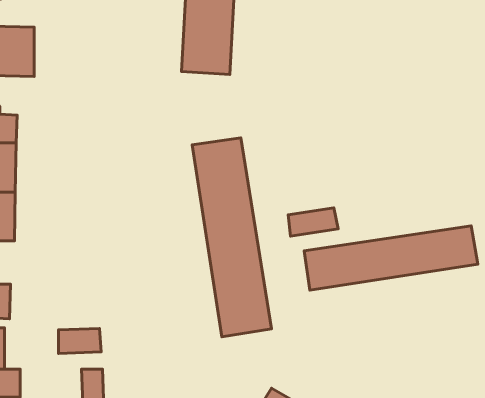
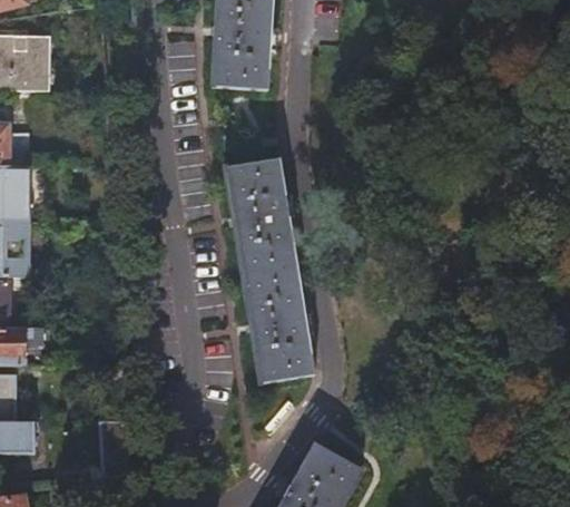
building: [288,208,338,236] -> none
building: [304,226,478,290] -> none
building: [58,328,101,354] -> none

